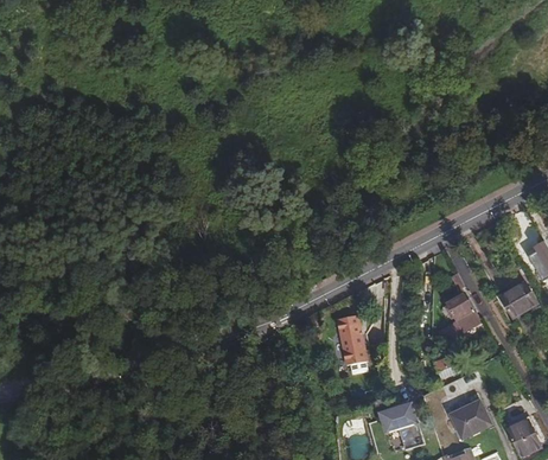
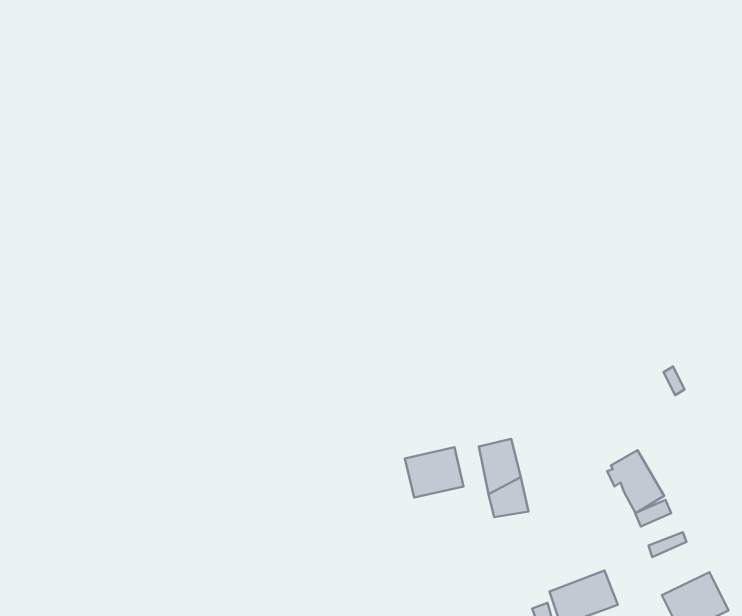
building: [442,294,478,333] -> [607,450,664,513]
building: none -> [405,447,464,498]

